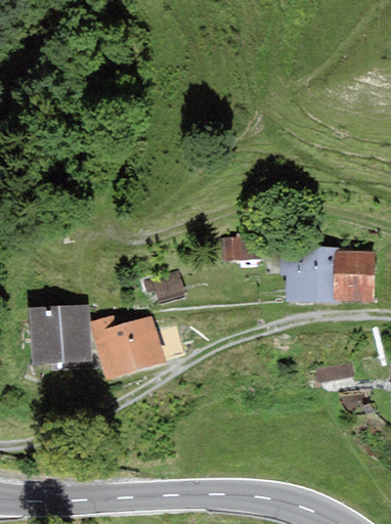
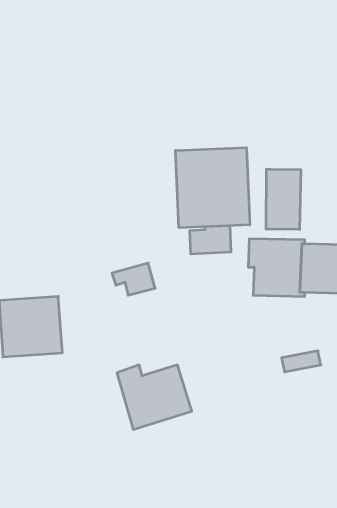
building: none -> [176,148,250,228]
building: none -> [266,169,301,230]
building: [88,314,164,380] -> [117,365,192,429]

